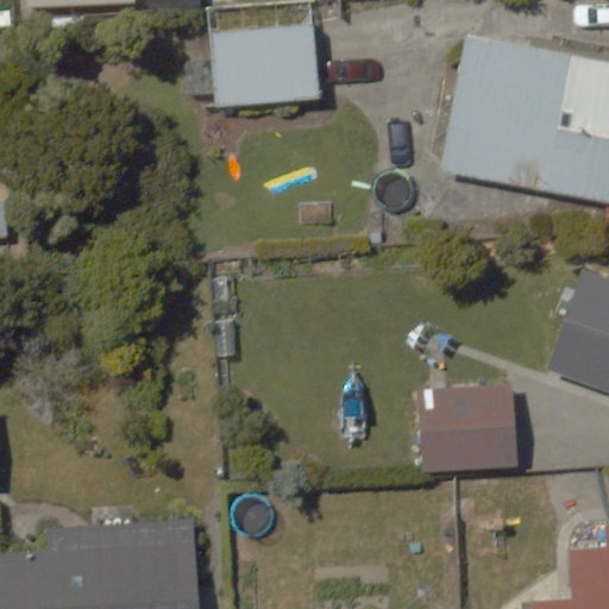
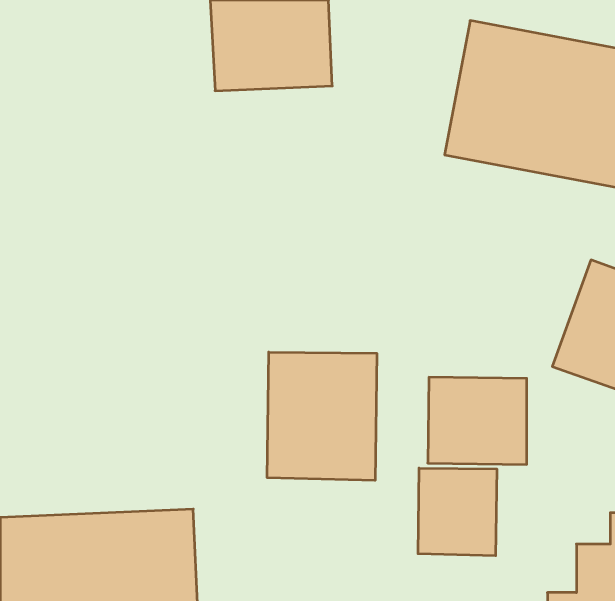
building: none -> [267,352,377,480]
building: none -> [418,468,497,556]

